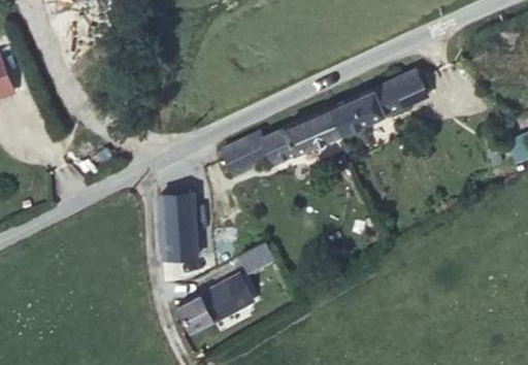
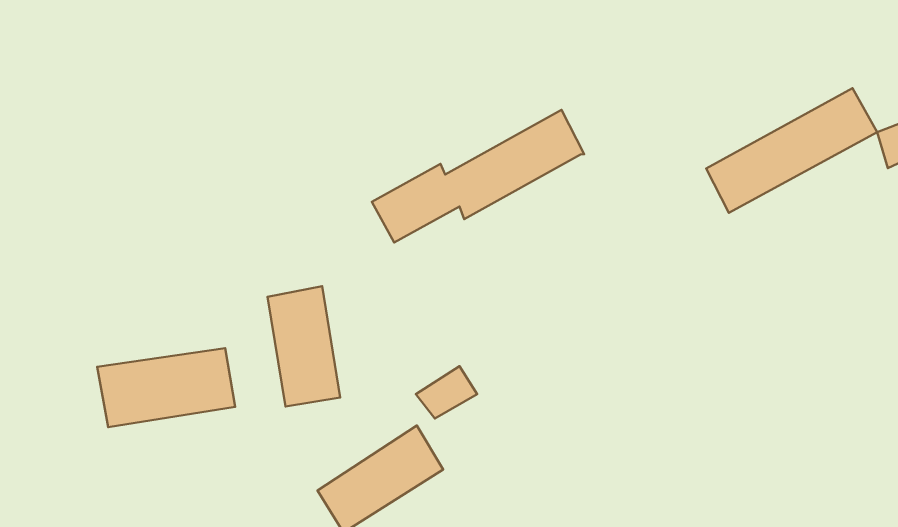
building: [334,71,431,134] -> [706,88,877,213]
building: none -> [97,348,235,427]

